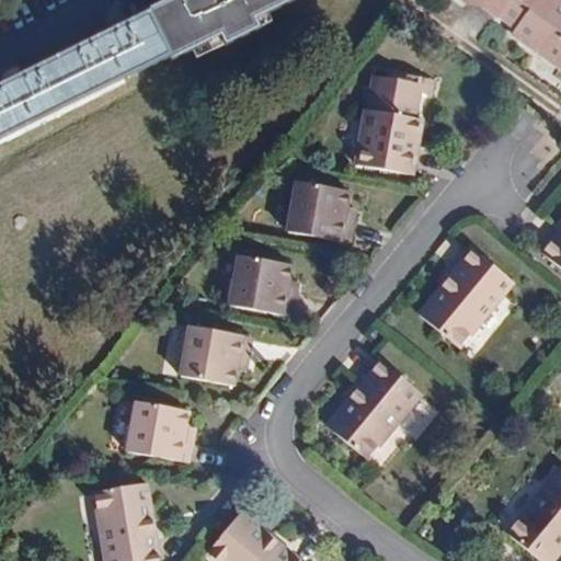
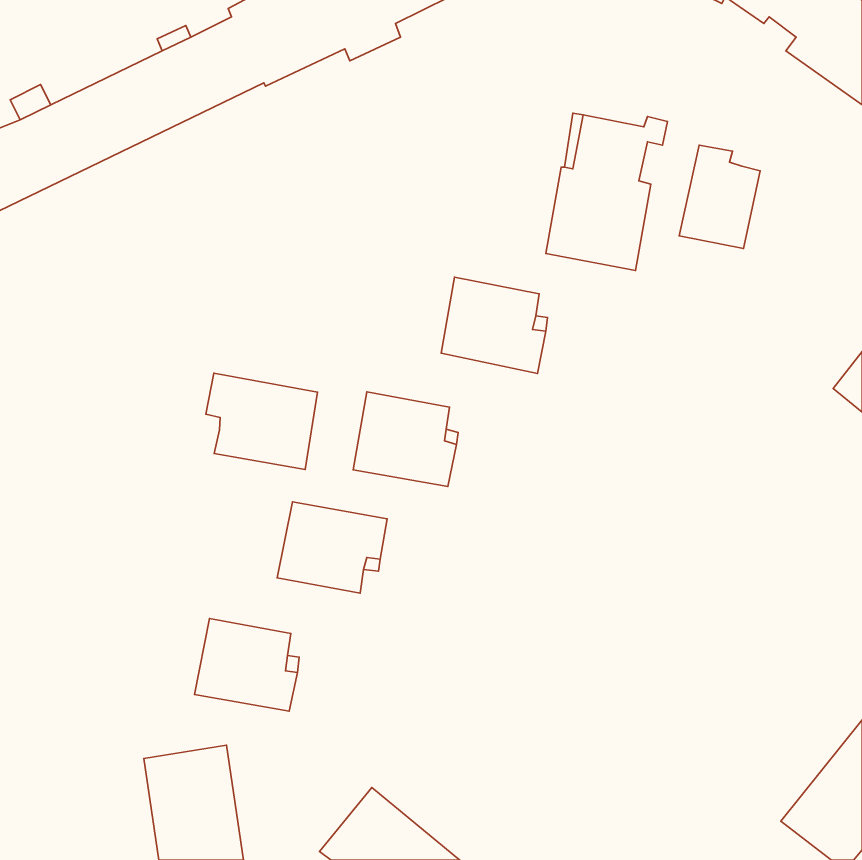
building: none -> [679,145,760,249]
building: none -> [206,373,318,470]
building: [417,249,512,347] -> none
building: [325,360,420,459] -> none

